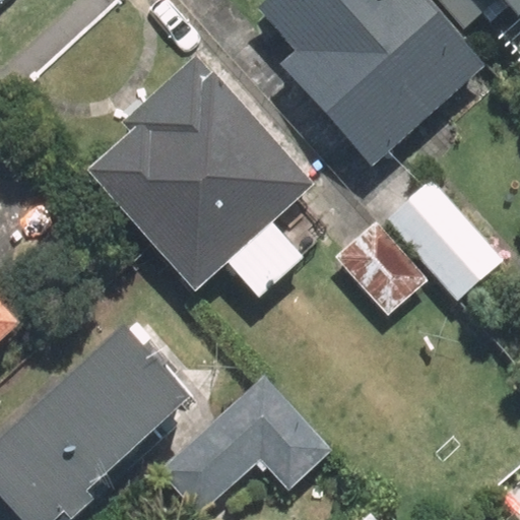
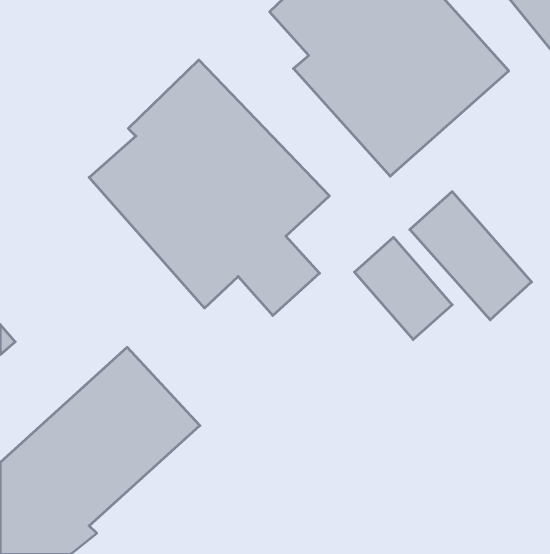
building: [175,379,337,511] -> none

